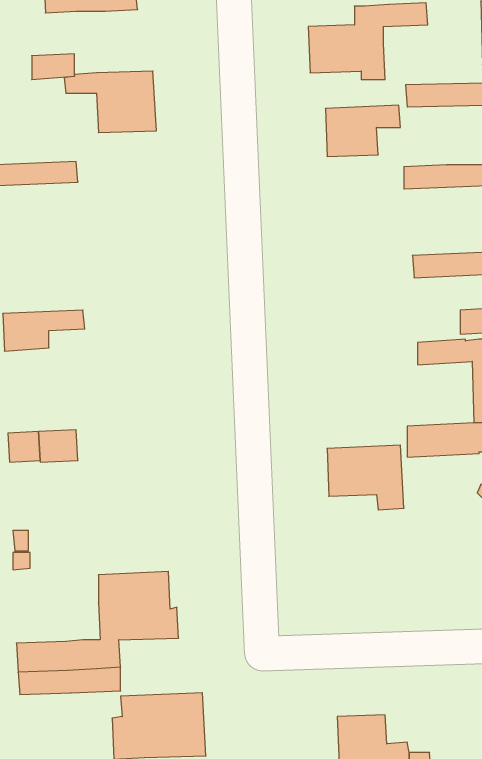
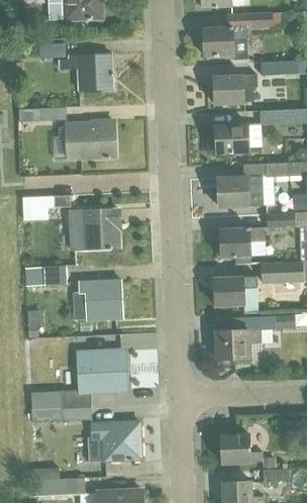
building: none -> [65,121,115,158]
building: none -> [214,122,260,154]
building: none -> [217,174,262,206]
building: none -> [69,209,119,249]
building: none -> [219,225,264,257]
building: none -> [72,279,122,319]
building: none -> [215,316,293,359]

